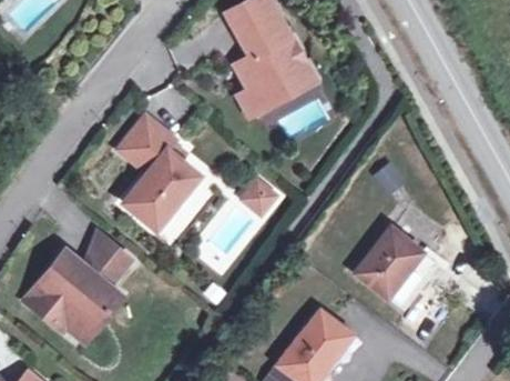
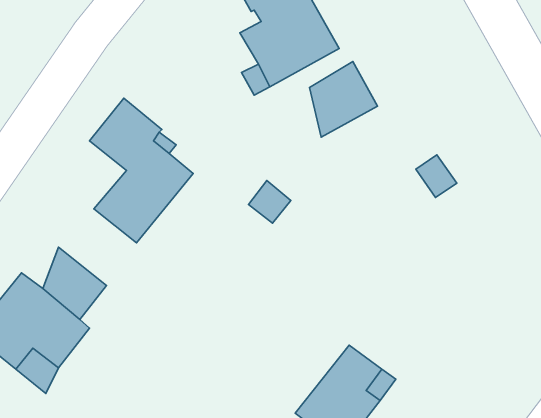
building: none -> [310,61,377,137]
building: [355,228,436,309] -> none

